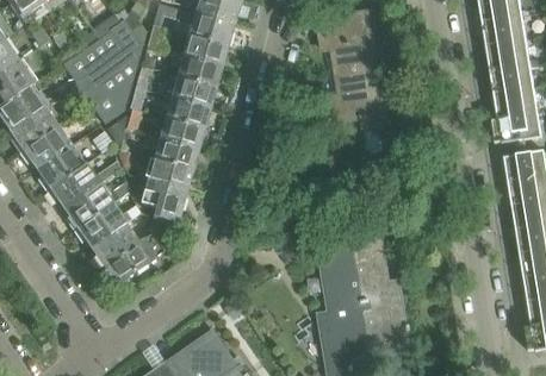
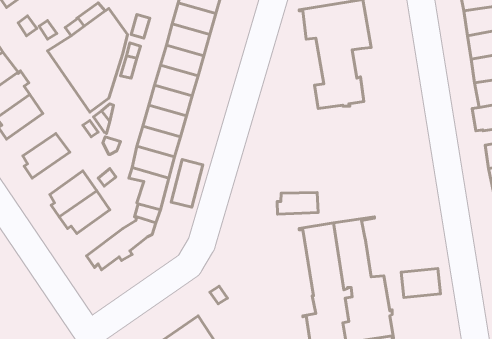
building: [19,124,69,167] -> none
building: [45,163,97,206] -> none
building: none -> [171,160,203,207]
building: none -> [277,192,318,214]
building: [91,221,137,268] -> none
building: none -> [401,268,440,297]

